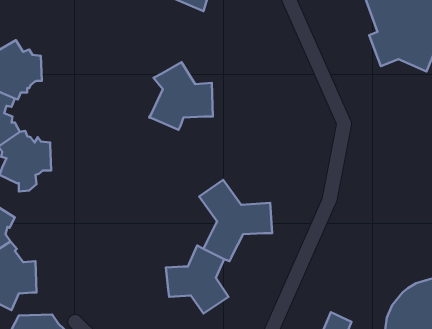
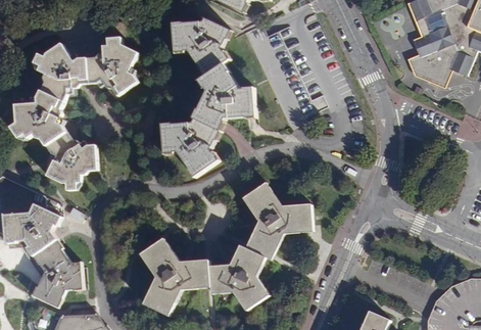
building: none -> [171,12,233,76]
building: none -> [86,37,138,95]
building: none -> [405,52,449,86]
building: none -> [160,120,221,179]
building: none -> [139,237,210,317]

